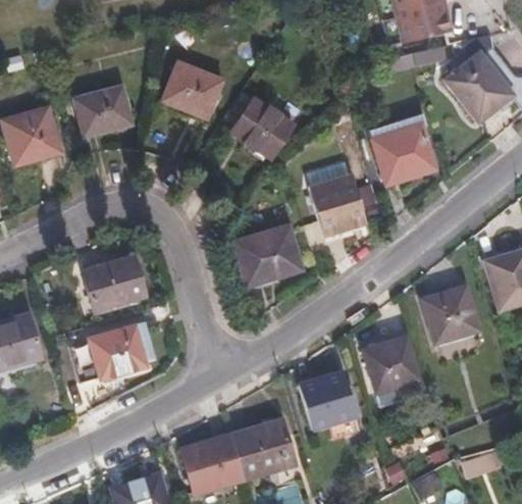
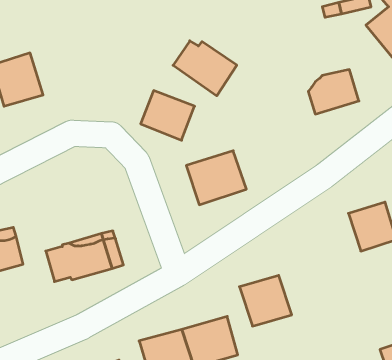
building: [161,63,224,121] -> [141,91,195,140]
building: [75,90,135,142] -> none
building: [369,113,425,156] -> none
building: [302,172,366,237] -> none
building: [85,255,146,308] -> none
building: [362,335,419,390] -> none

